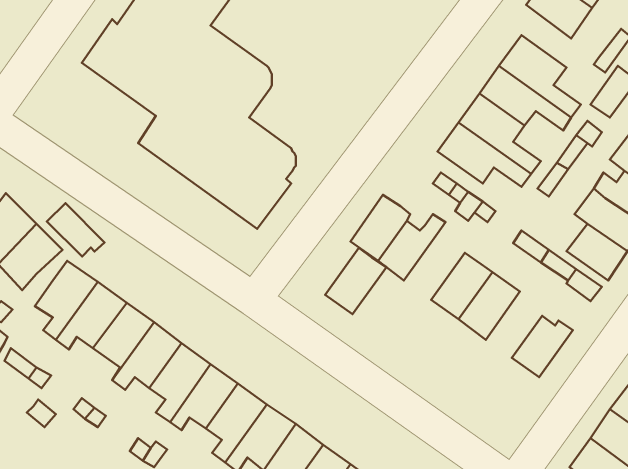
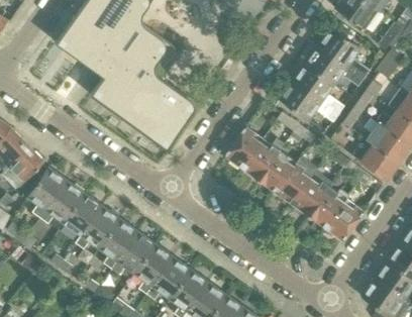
building: [47,203,105,256] -> none
building: [325,248,386,314] -> [259,151,297,193]
building: none -> [310,188,349,229]

